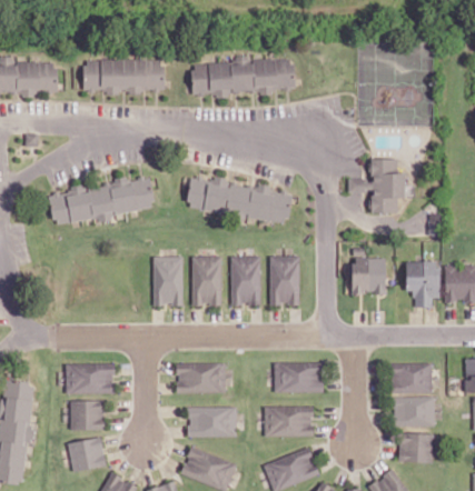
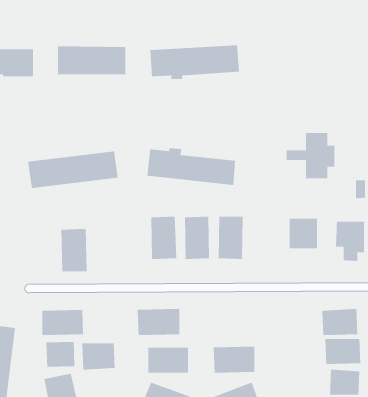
building: [152,255,184,305] -> [61,229,87,272]
building: [274,362,324,392] -> none
building: none -> [82,343,115,371]

